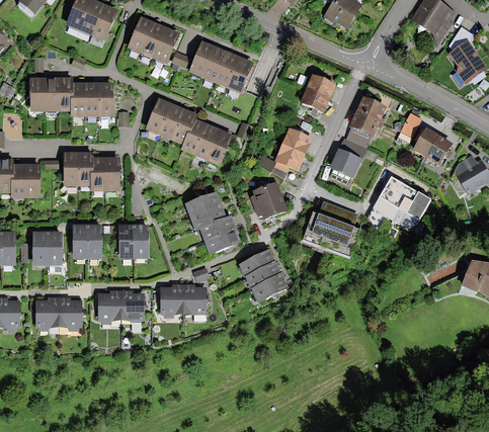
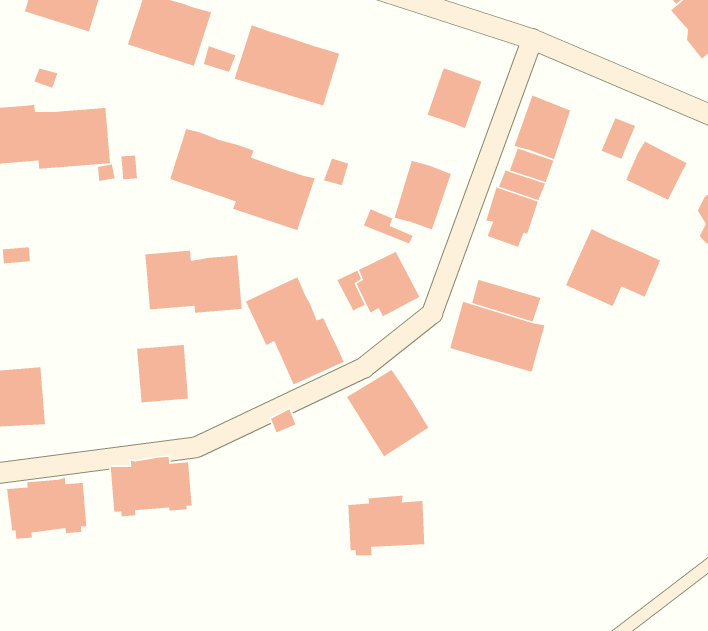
building: [64,152,118,189] -> [144,250,242,314]
building: [72,224,101,257] -> none
building: [160,283,206,318] -> [348,495,425,556]

